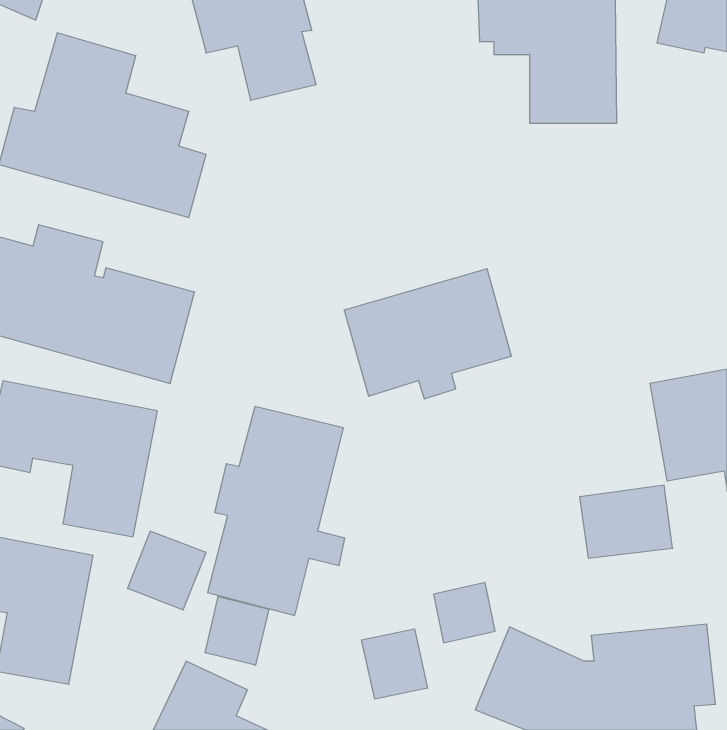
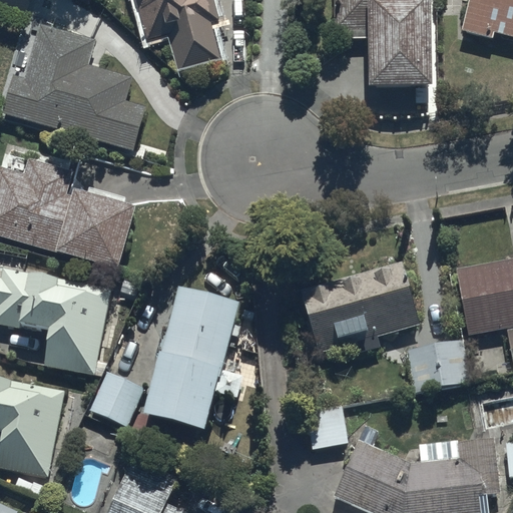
building: [344,269,512,399] -> [303,262,420,353]
building: [205,596,269,665] -> none
building: [362,629,428,699] -> none

